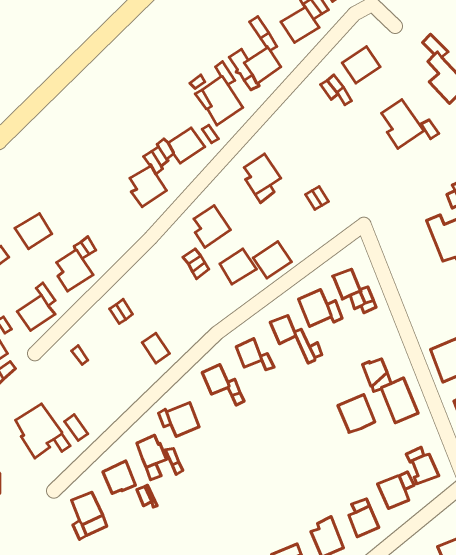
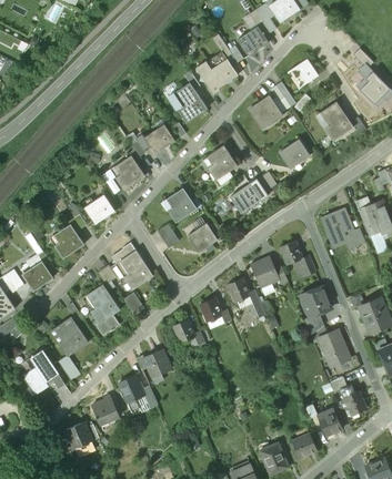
building: none -> [252,95,282,130]
building: none -> [280,140,310,170]
building: [15,213,52,249] -> [84,195,114,224]
building: none -> [323,207,365,245]
building: [253,242,291,278] -> [230,184,261,214]
building: none -> [111,243,153,289]
building: none -> [87,284,120,324]
building: none -> [56,317,88,357]
building: [338,394,375,433] -> [301,286,331,317]

